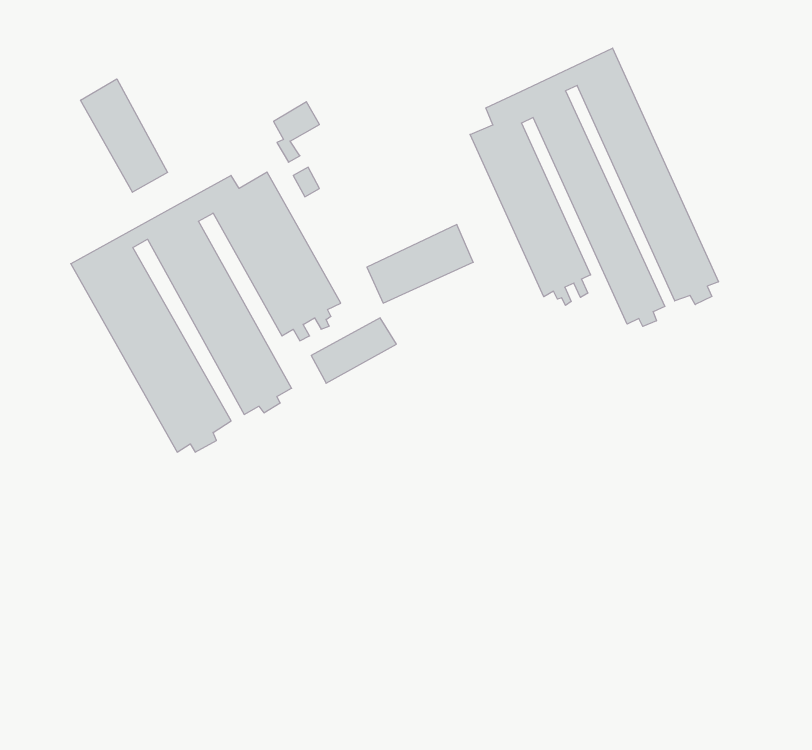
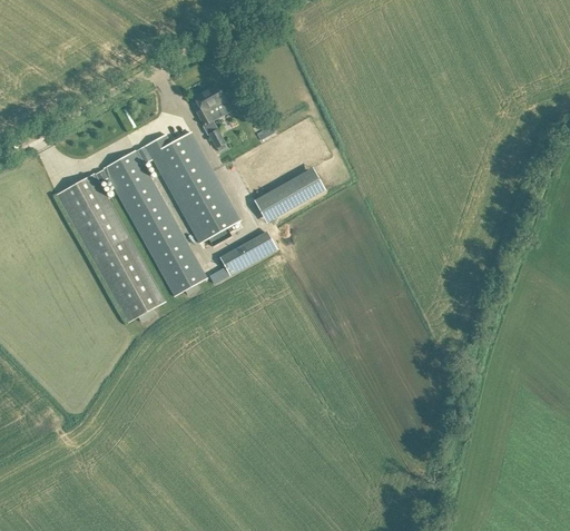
building: [470,48,718,326] -> none
building: [81,79,168,192] -> none

